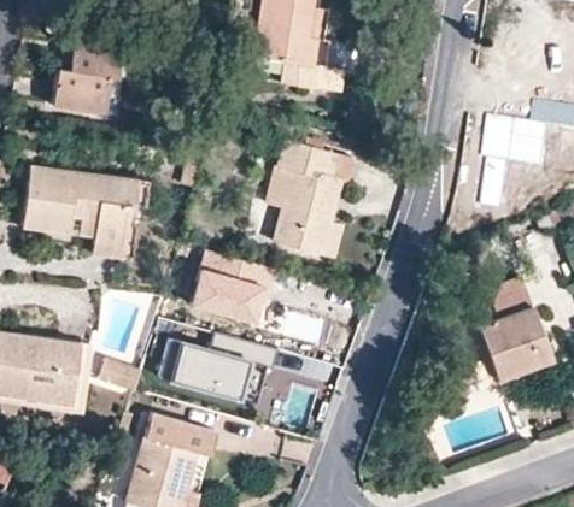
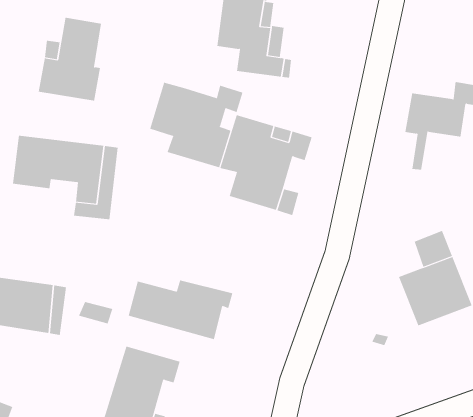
building: none -> [149,82,243,168]
building: [191,253,270,324] -> none

